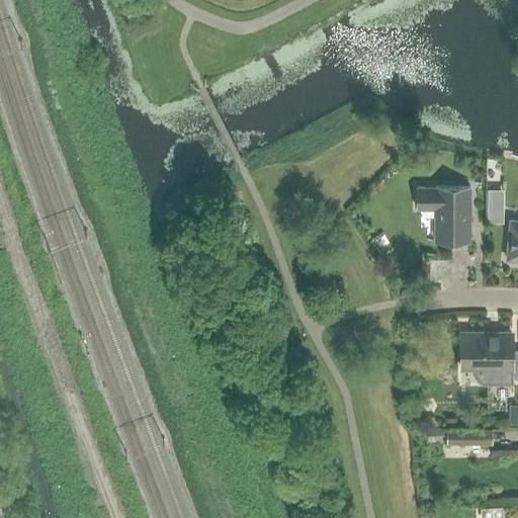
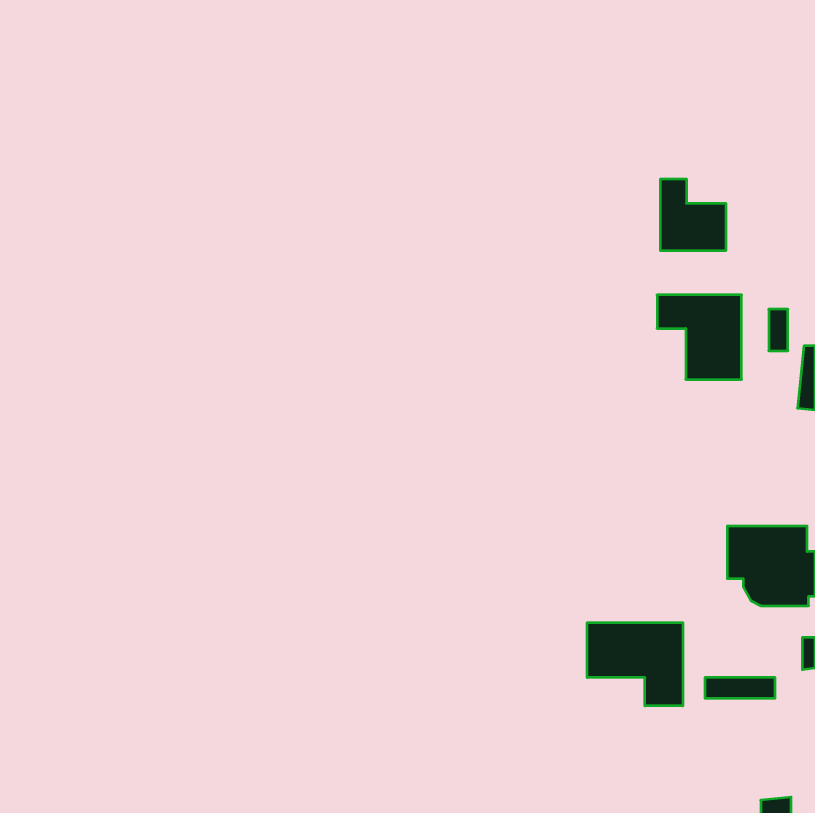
building: none -> [661,179,726,251]
building: none -> [587,623,683,706]

